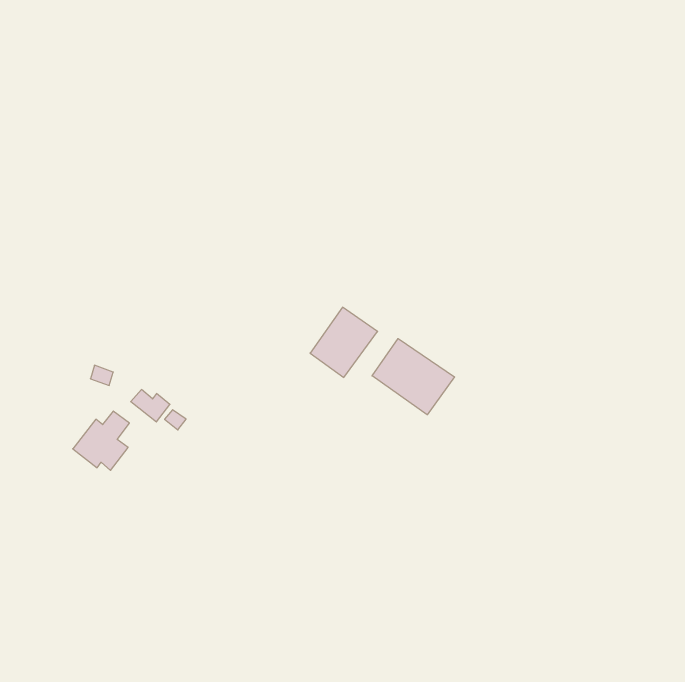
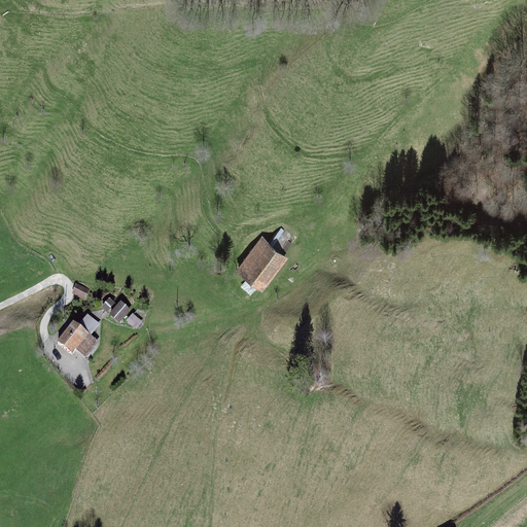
building: [372,339,455,415] -> none

